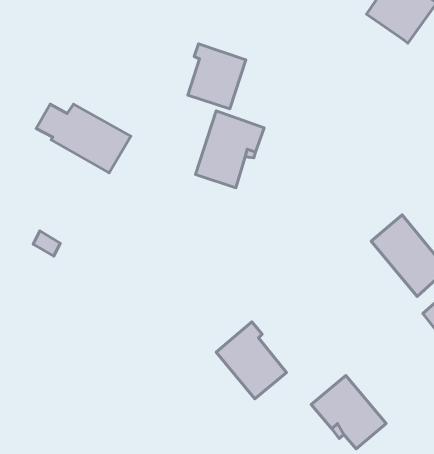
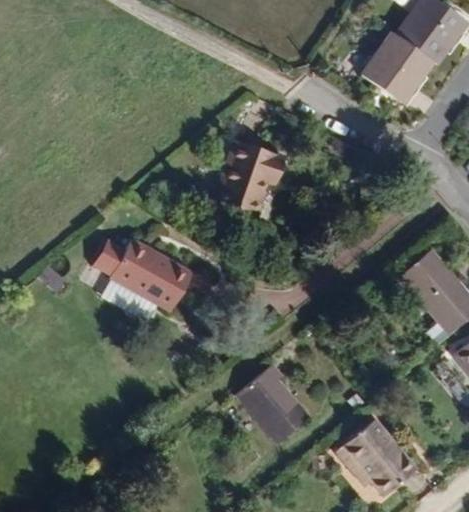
building: none -> [360,31,434,104]
building: [188,44,246,109] -> none
building: [36,104,131,173] -> [92,239,193,312]

